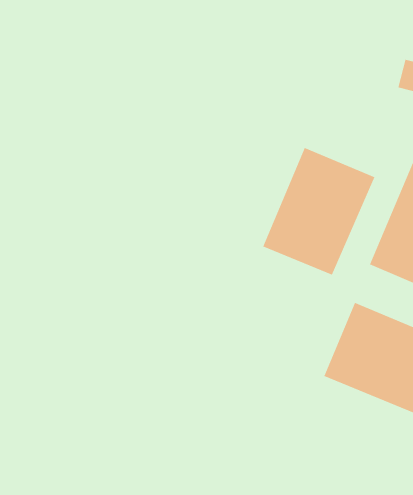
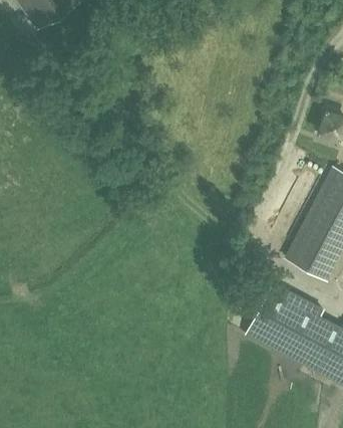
building: [262,147,375,276] -> none

